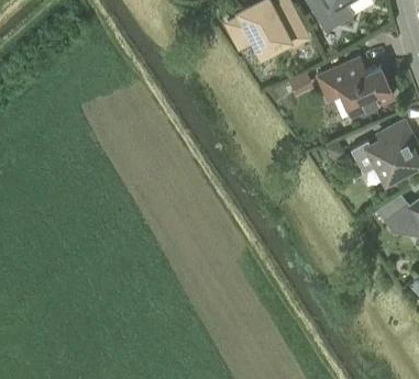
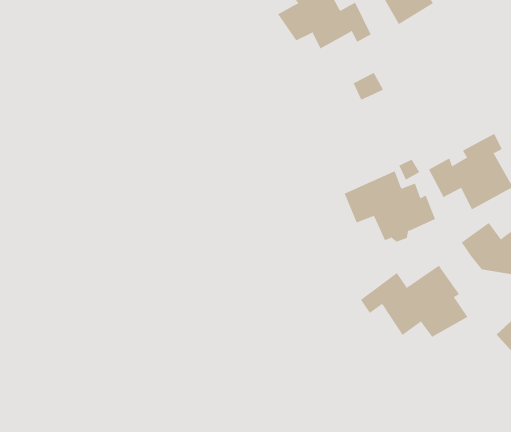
building: [319,57,394,115] -> [344,171,436,242]
building: none -> [360,265,468,338]

